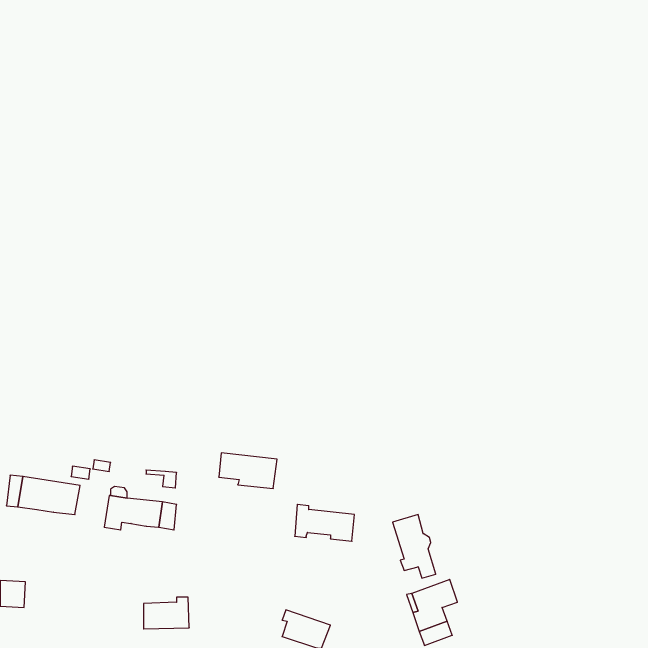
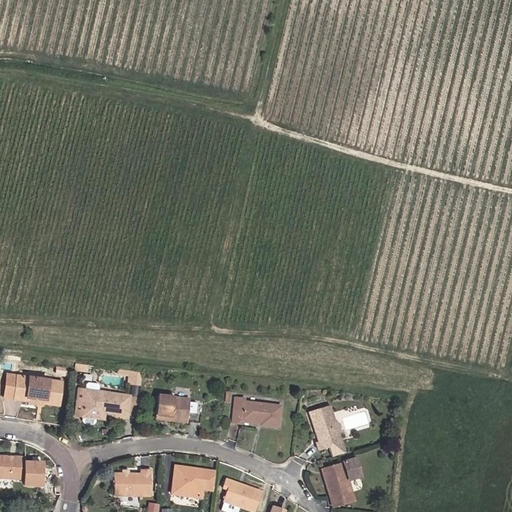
building: [219,453,277,488] -> [155,395,201,423]
building: none -> [26,461,48,488]
building: none -> [170,466,214,498]

